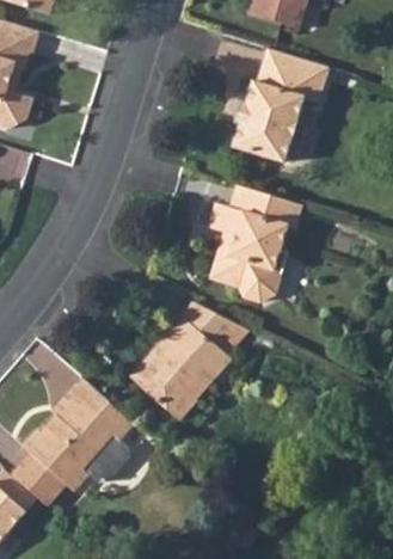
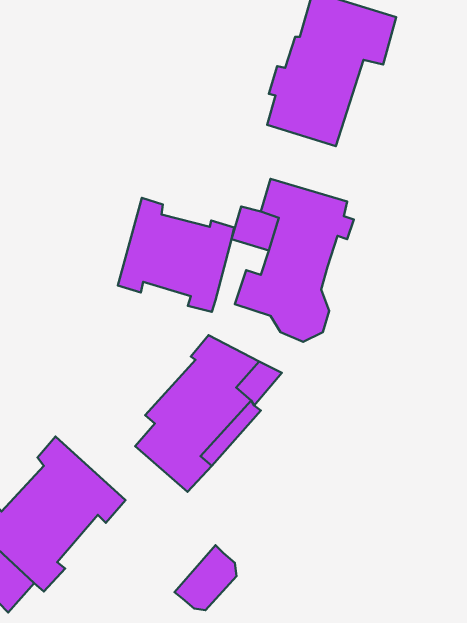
building: none -> [118,198,234,312]
building: [79,432,124,480] -> [175,545,237,610]

